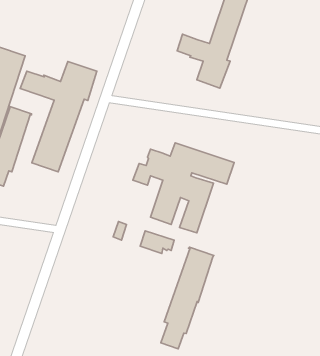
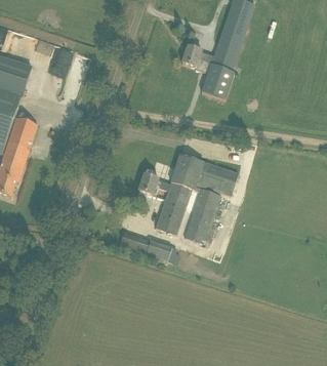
building: [20,62,97,172] -> none
building: [161,247,214,349] -> none

